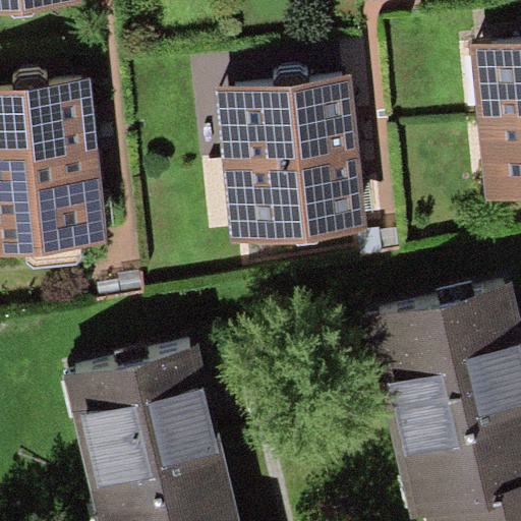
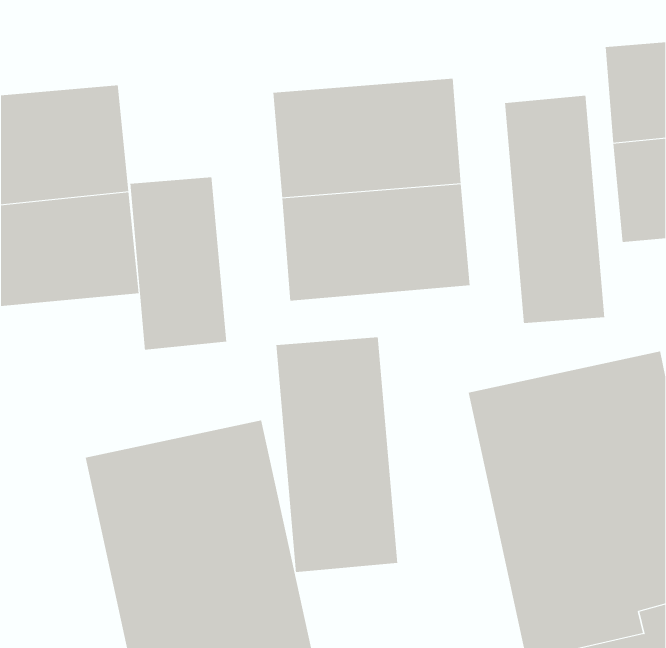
building: none -> [504,95,605,324]
building: none -> [130,177,227,350]
building: none -> [276,336,398,573]

